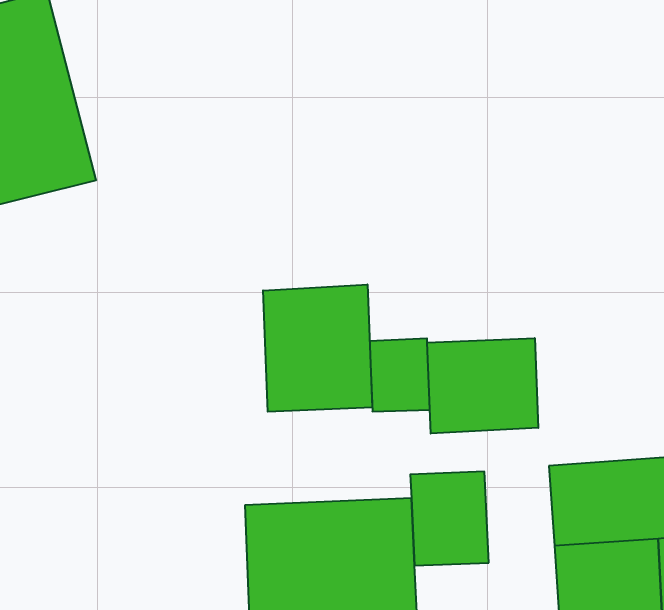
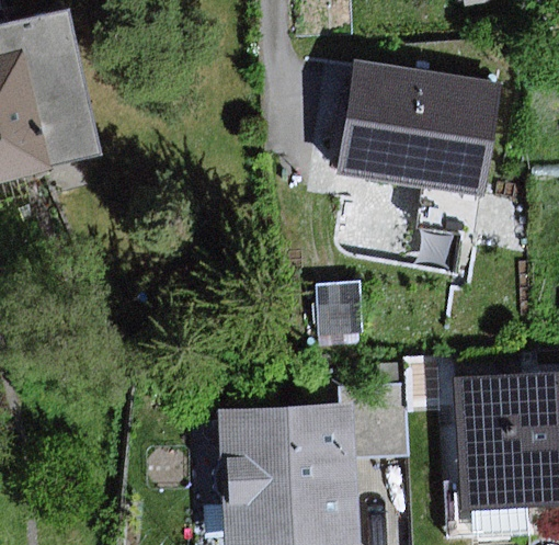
building: none -> [339,59,504,196]
building: [263,284,372,412] -> none
building: [427,338,538,434] -> none

